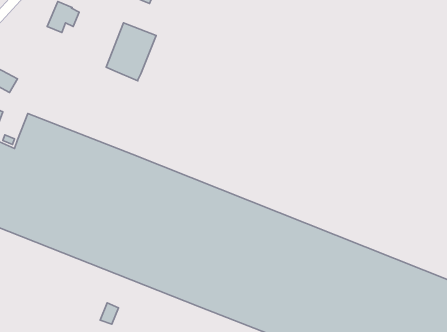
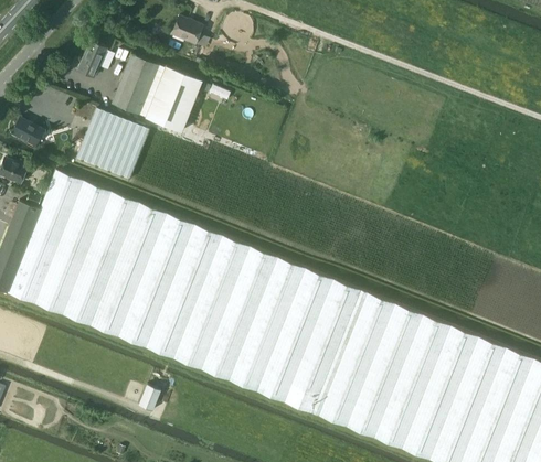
building: none -> [112,54,159,115]
building: none -> [77,107,150,179]

